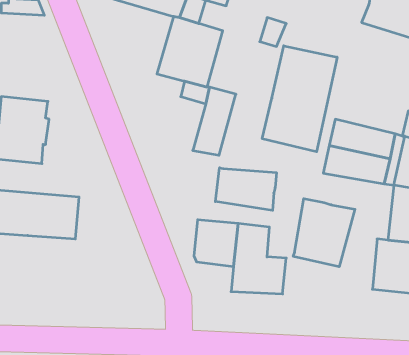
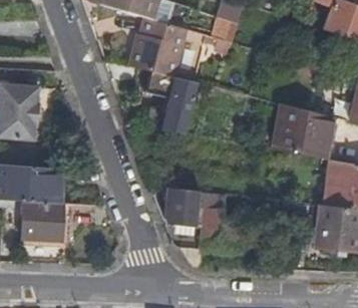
building: [262,46,337,152] -> none
building: [215,168,276,210] -> none
building: [293,199,355,267] -> none
building: none -> [21,201,64,241]

